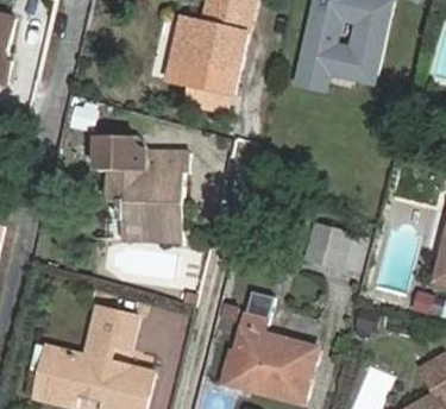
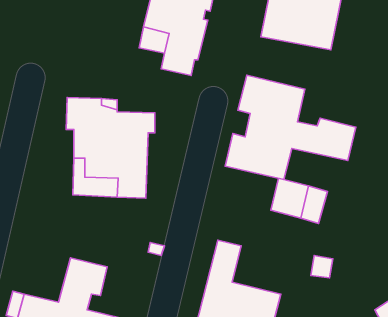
building: none -> [225,75,356,179]

